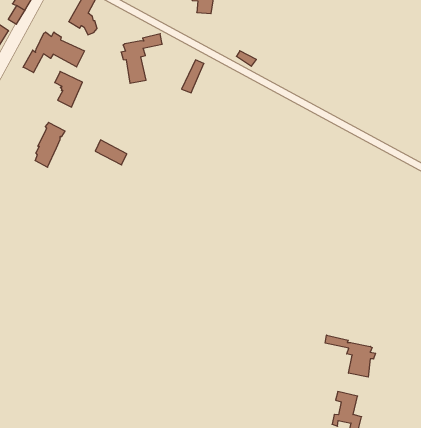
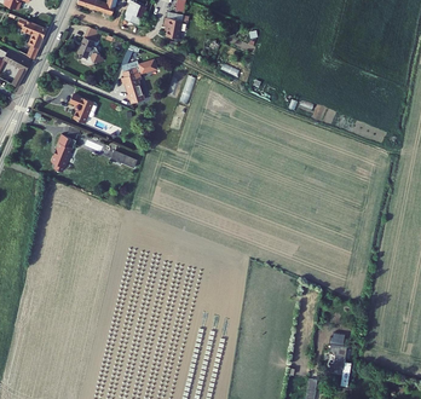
building: [23,32,84,73] -> none
building: [325,335,376,377] -> none

